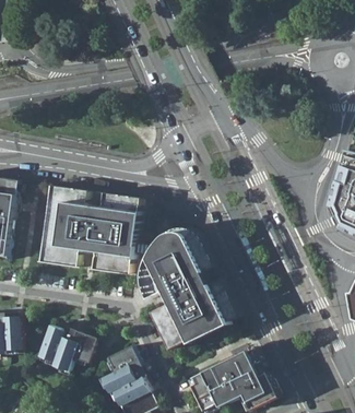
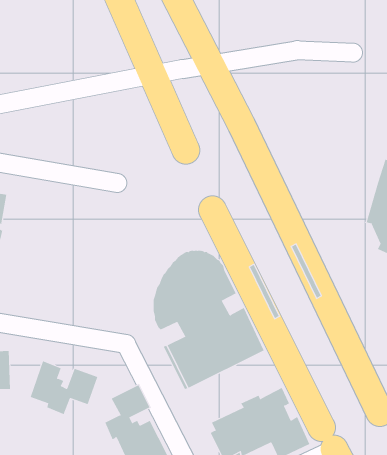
building: [39,186,140,275] -> none

